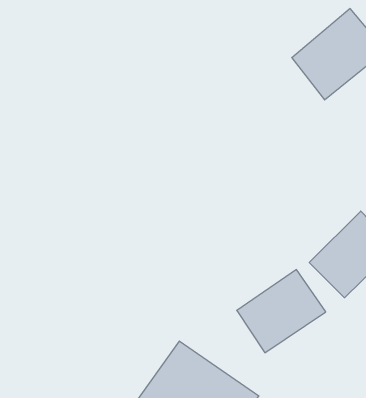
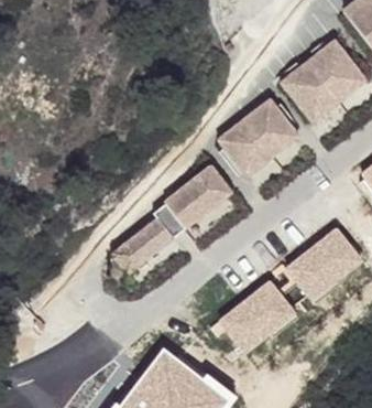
building: none -> [215,96,298,175]
building: none -> [112,162,231,273]

